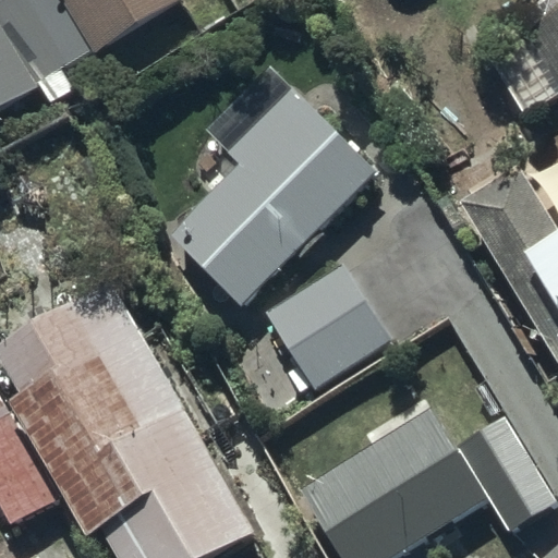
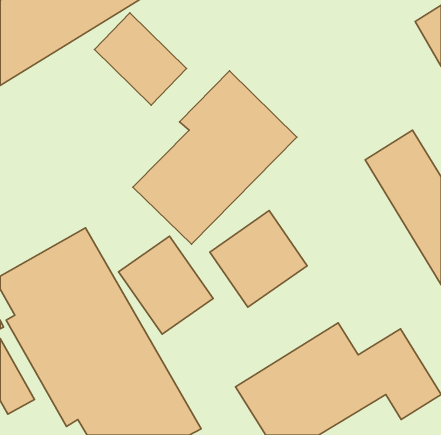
building: none -> [95,13,186,105]
building: none -> [118,236,213,334]

